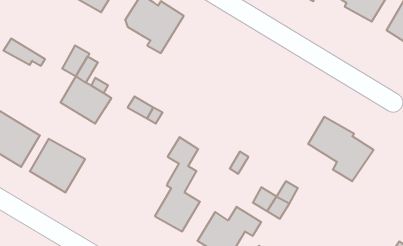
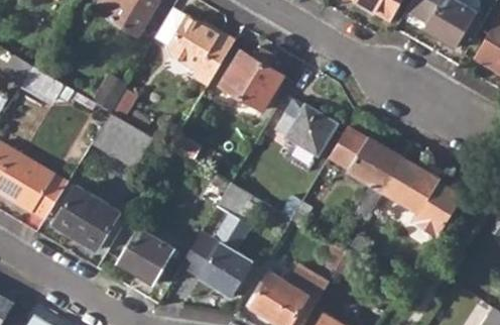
building: none -> [218,47,283,112]
building: none -> [286,101,337,155]
building: none -> [329,126,402,214]
building: none -> [117,225,175,283]
building: none -> [181,229,221,277]

